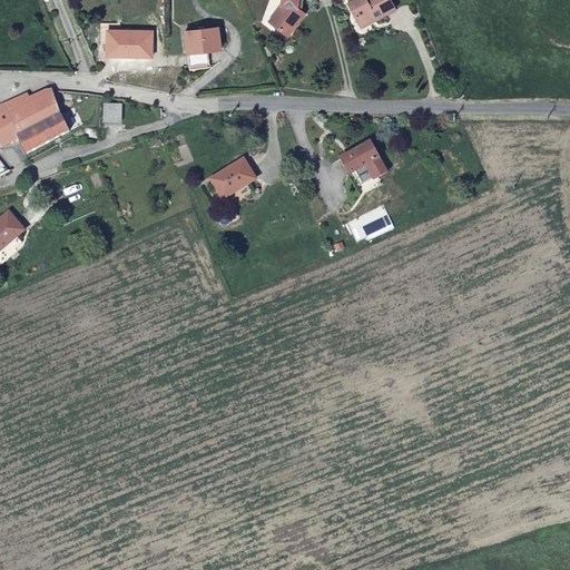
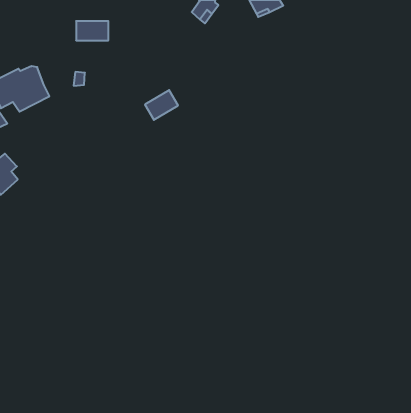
building: [183,24,218,52] -> none
building: [340,142,386,178] -> none
building: [210,157,256,198] -> [145,90,178,120]

